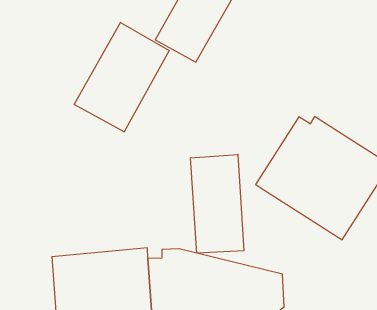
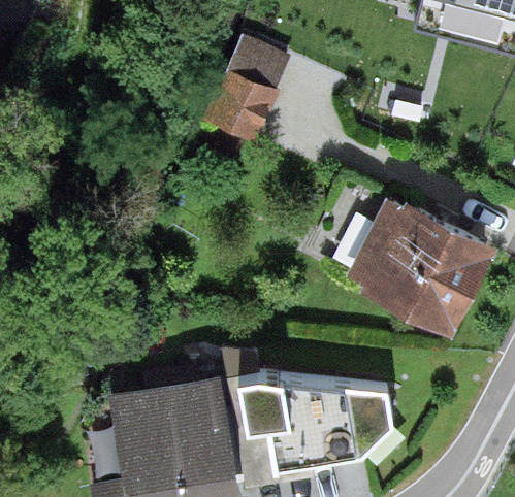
building: [74,22,169,132] -> none
building: [191,154,244,253] -> none

